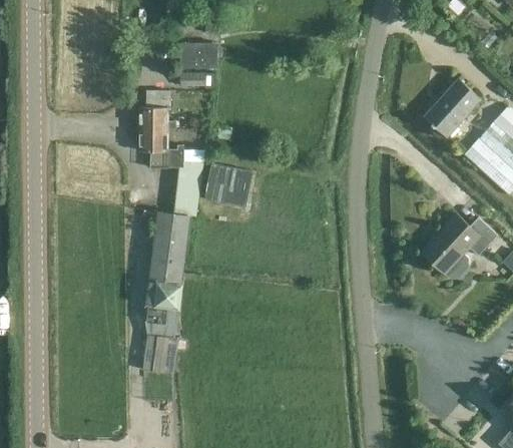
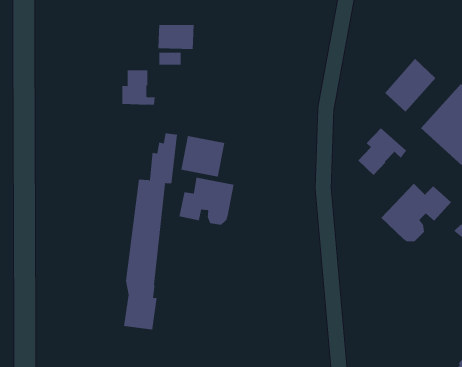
building: [140,128,182,167] -> none
building: none -> [357,127,407,176]
building: none -> [179,177,234,225]

